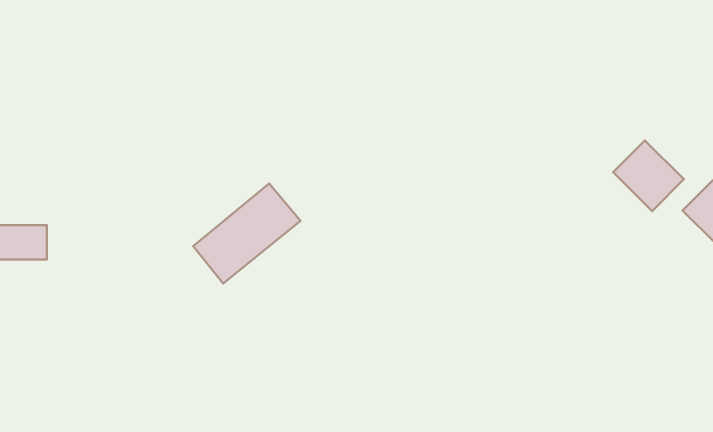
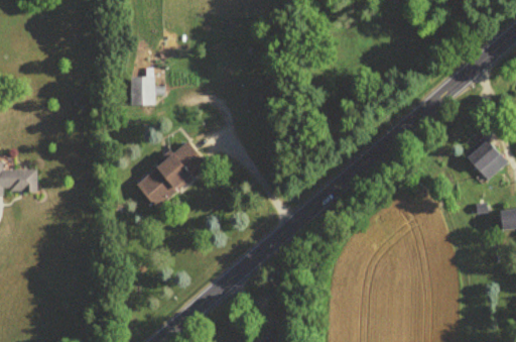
building: none -> [130,76,155,104]
building: [613,140,684,211] -> none

